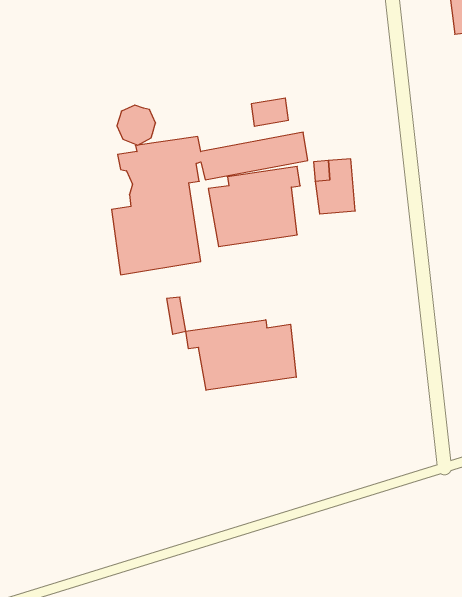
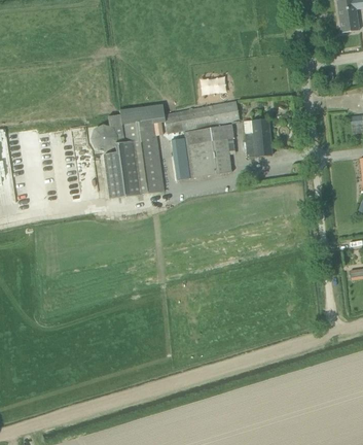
building: [117,105,156,145] -> [90,124,117,151]
building: [186,320,296,390] -> none

